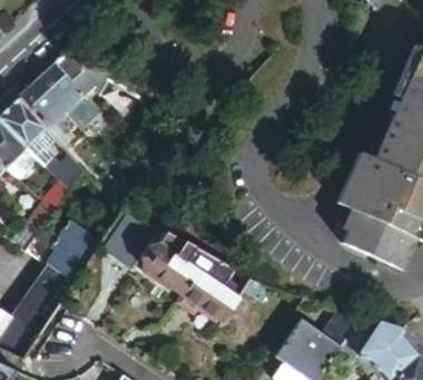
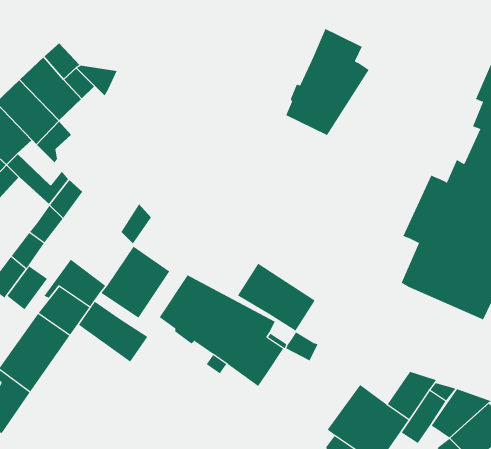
building: none -> [285,28,369,136]
building: none -> [237,263,315,331]
building: none -> [78,301,148,362]

